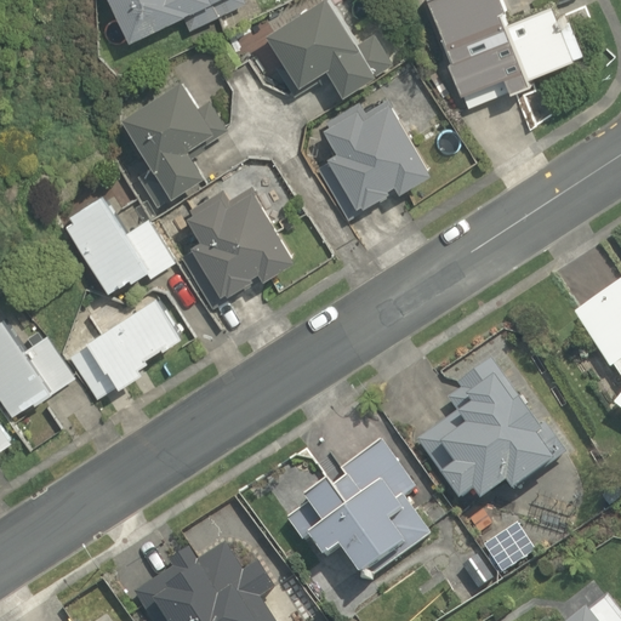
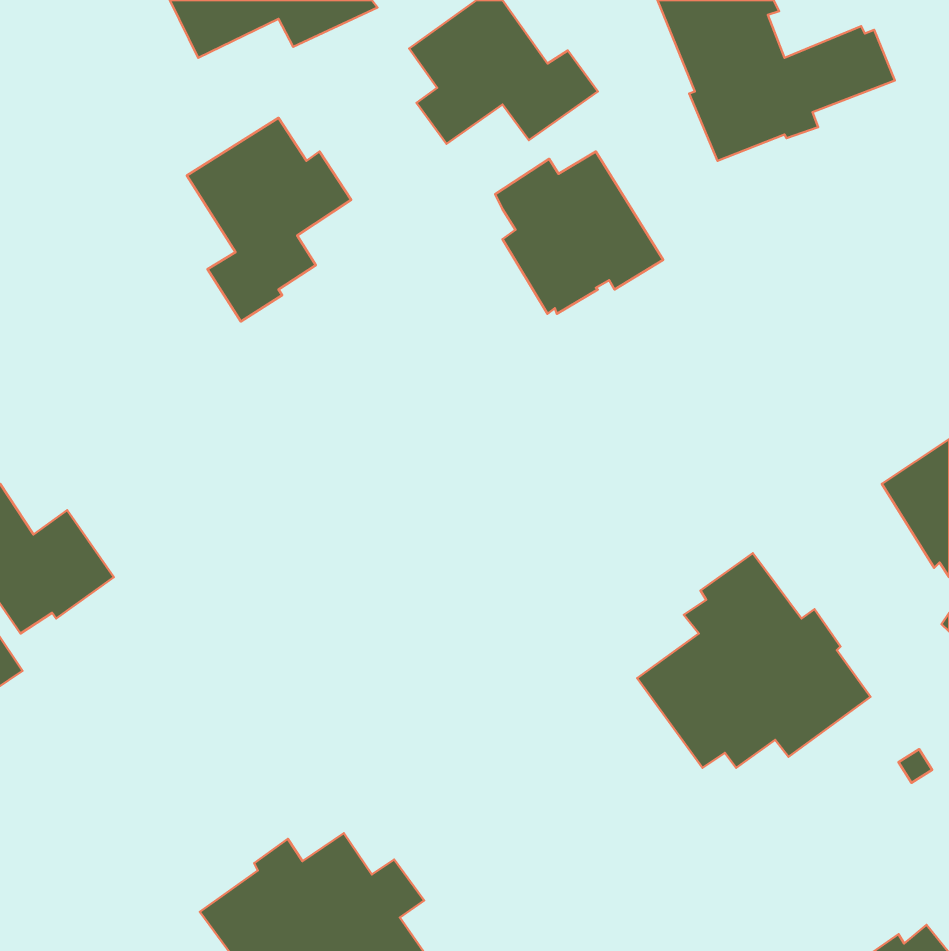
building: [186,189,295,295] -> none
building: [61,192,175,291] -> none
building: [68,294,186,395] -> none
building: [284,441,427,585] -> none

